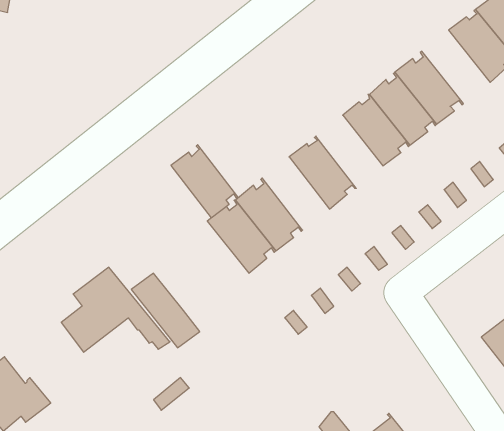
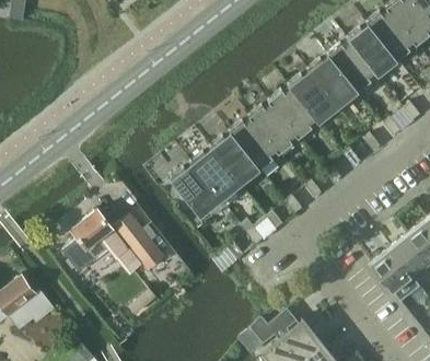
building: none -> [328,37,379,91]
building: none -> [251,100,300,153]
building: [171,145,238,218] -> [211,130,260,184]

